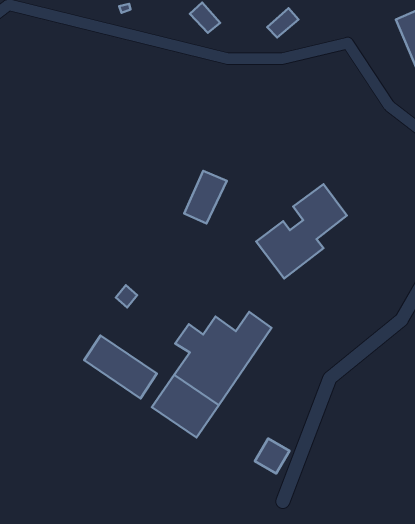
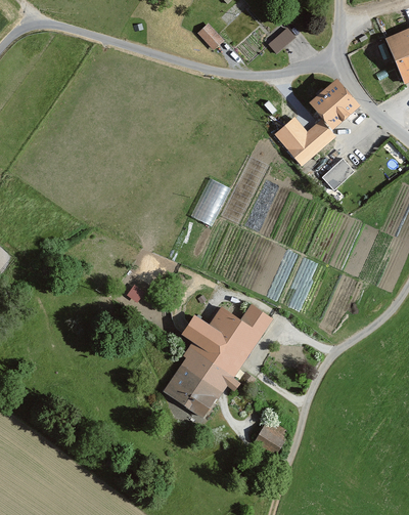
building: none -> [321,155,356,187]
building: [256,184,347,278] -> [276,82,359,168]
building: [84,335,157,398] -> none

